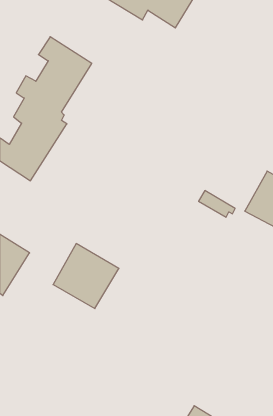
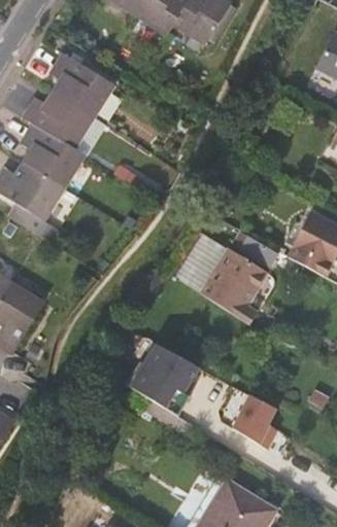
building: none -> [184,241,257,318]
building: [53,244,119,309] -> [131,337,207,412]
building: none -> [232,389,284,448]

